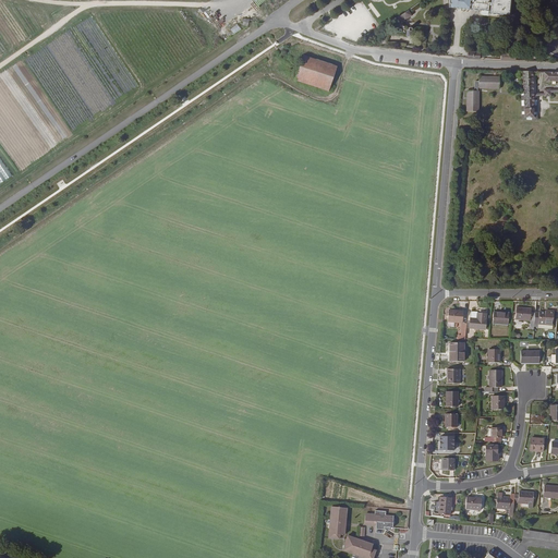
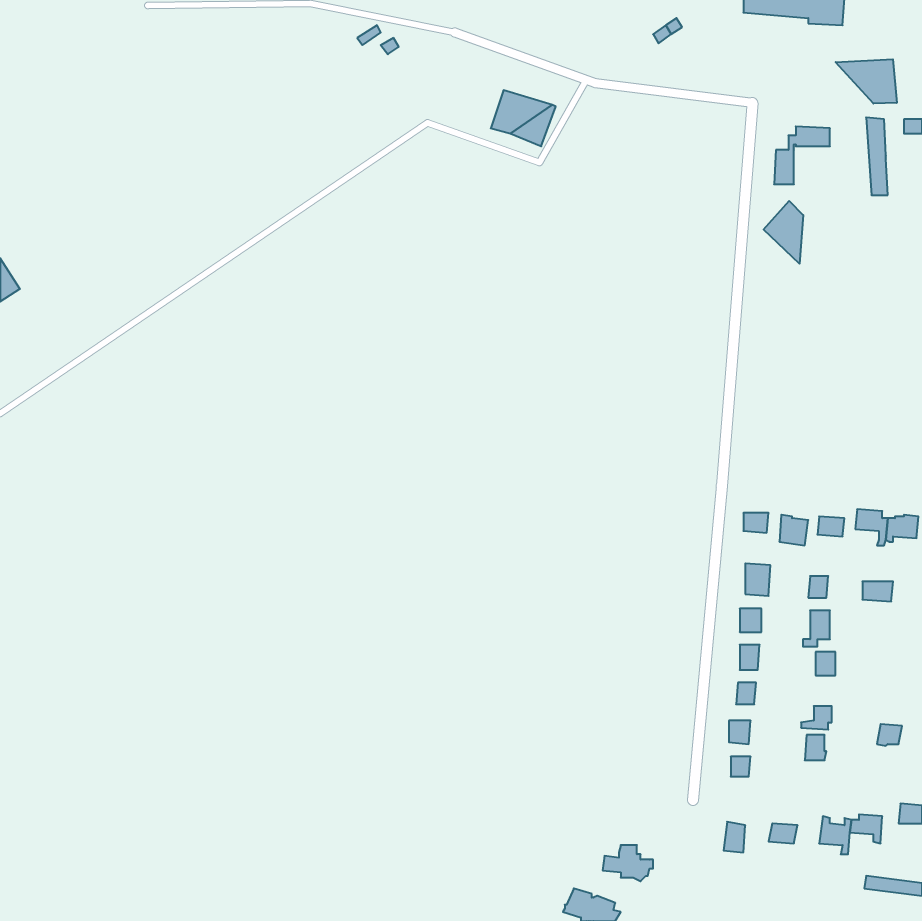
building: none -> [836,59,897,104]
building: none -> [764,201,803,264]
building: [327,506,344,537] -> none

